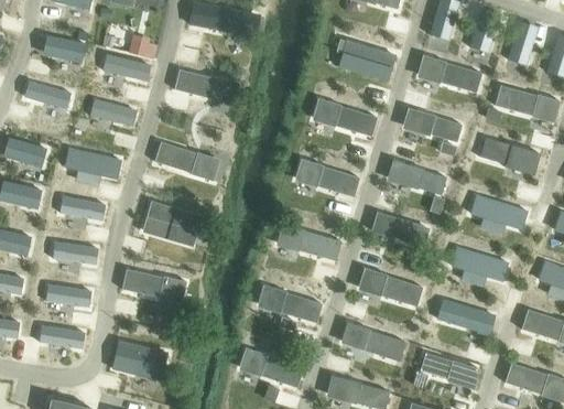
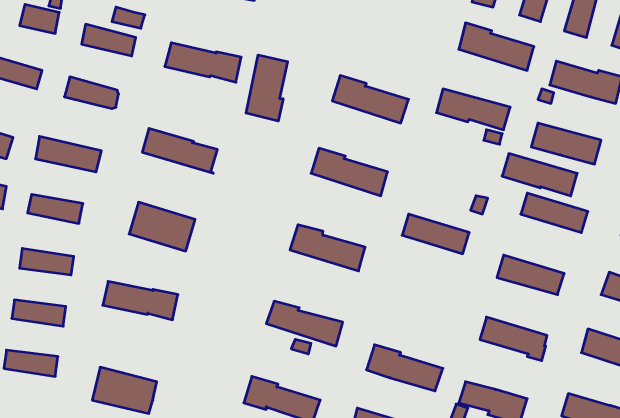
building: [338,41,394,80] -> none
building: none -> [246,55,288,121]
building: [383,160,446,195] -> [502,154,577,196]
building: [359,268,422,306] -> none

